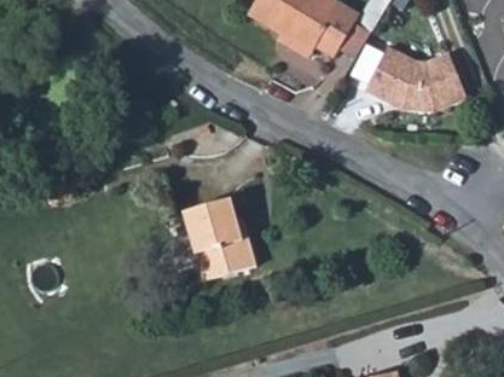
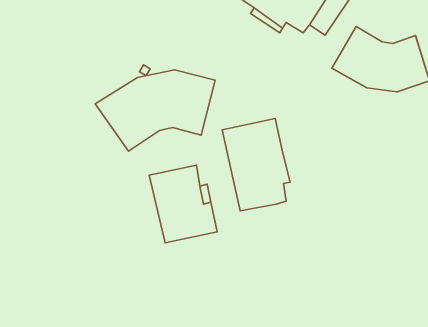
building: none -> [95,70,215,151]
building: none -> [222,119,290,211]

